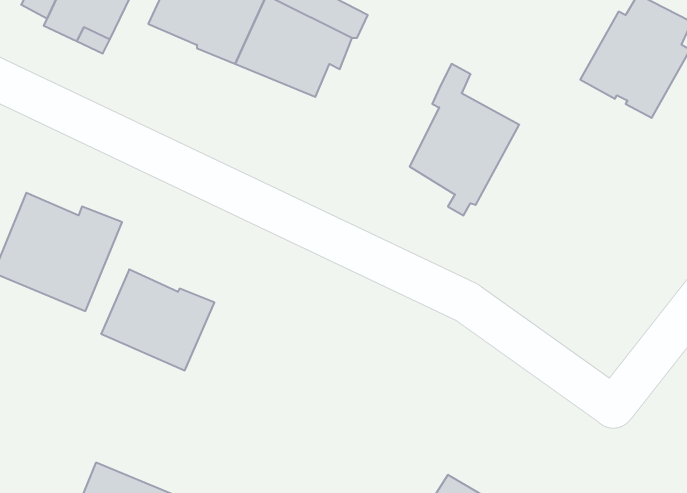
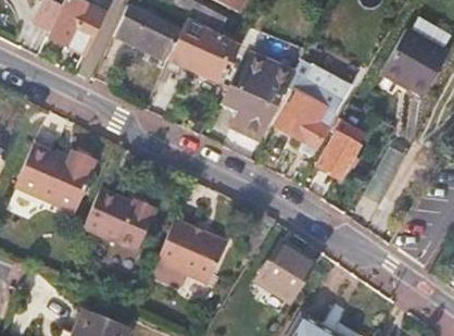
building: none -> [223,51,295,137]
building: none -> [318,119,358,178]
building: none -> [156,219,227,284]
building: none -> [257,240,317,302]

